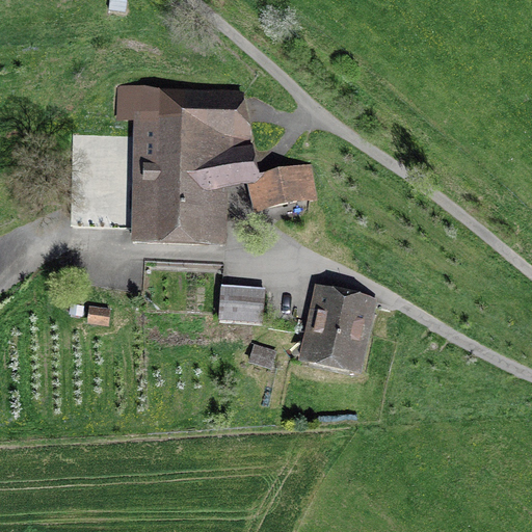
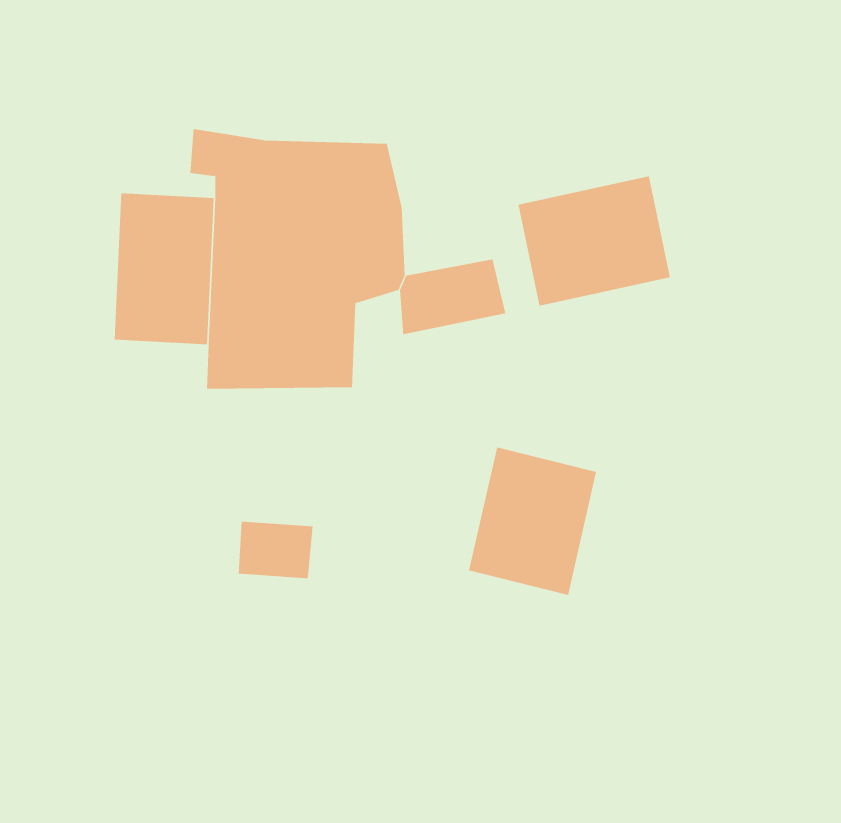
building: none -> [518,175,670,306]
building: [218,286,266,322] -> [238,521,314,579]

